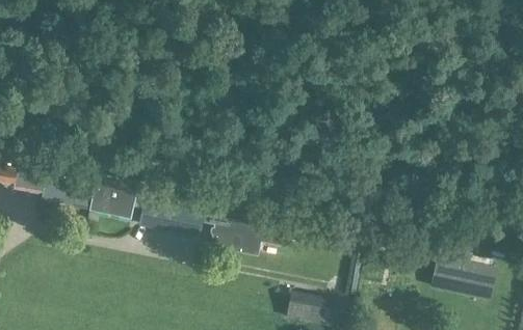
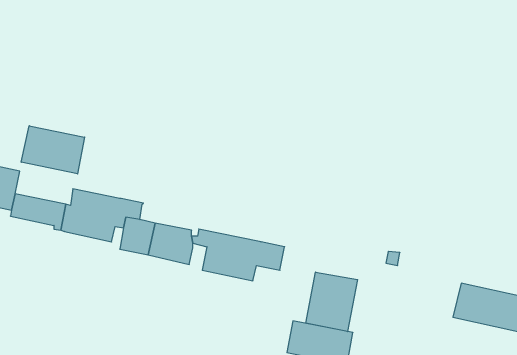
building: none -> [21,126,85,174]
building: none -> [306,272,358,332]

